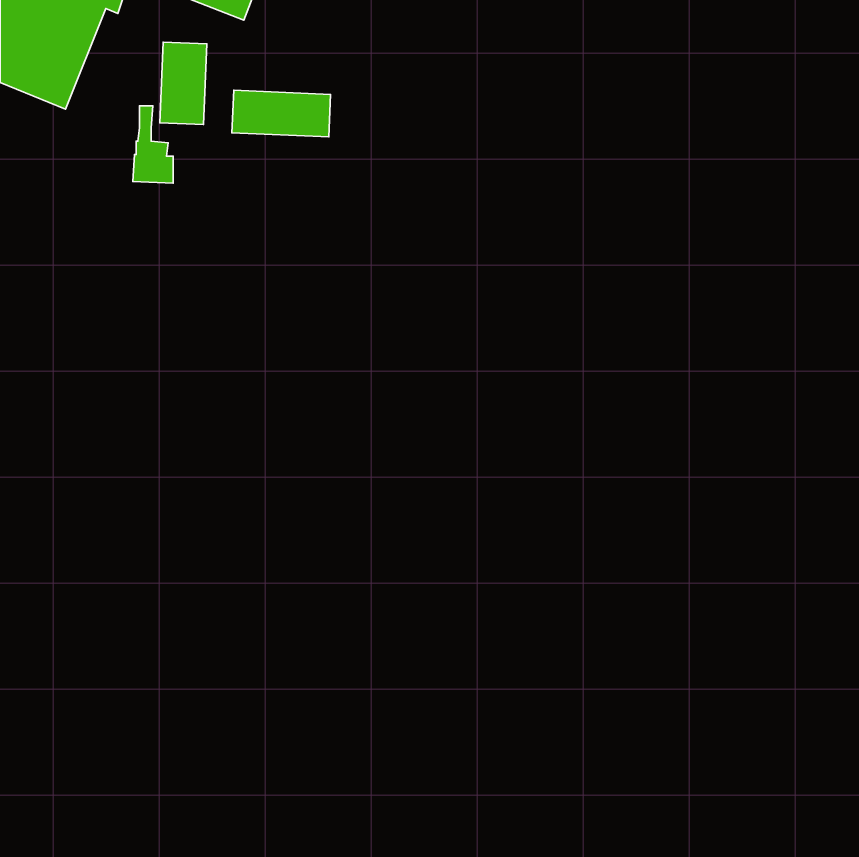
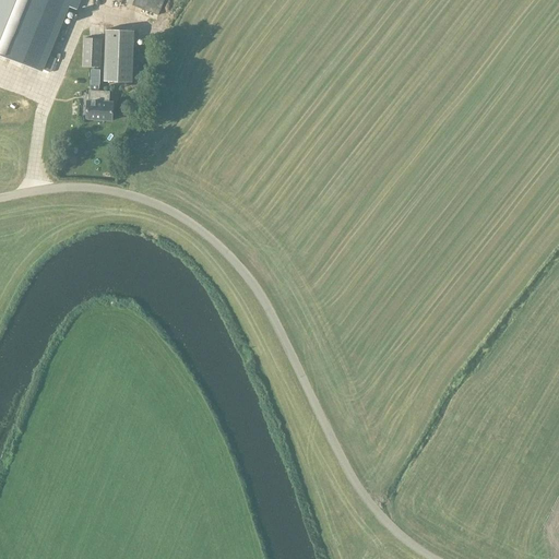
building: none -> [83,37,102,67]
building: [232,90,331,137] -> none

